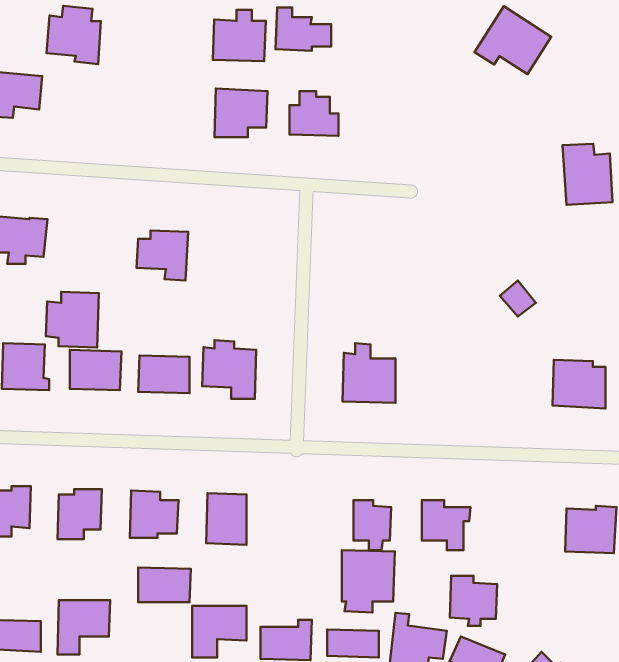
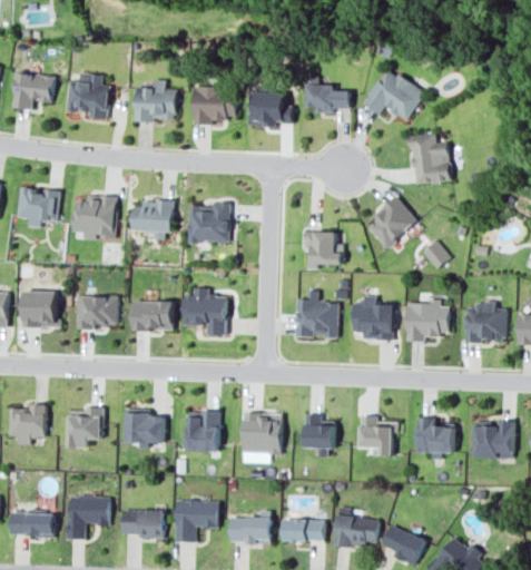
building: [47,6,101,64] -> [66,72,109,119]
building: [475,6,551,74] -> [363,67,424,121]
building: [276,8,331,51] -> [305,77,350,111]
building: [213,10,266,61] -> [134,79,176,120]
building: [562,144,613,205] -> [410,134,450,183]
building: none -> [365,197,416,247]
building: none -> [187,203,229,243]
building: none -> [304,230,342,268]
building: [46,292,99,347] -> [73,195,116,239]
building: none -> [353,295,393,340]
building: none -> [405,301,449,341]
building: [342,550,395,613] -> [239,412,282,462]
building: [138,568,191,602] -> [121,509,164,537]
building: [450,576,497,626] -> [416,417,454,458]

